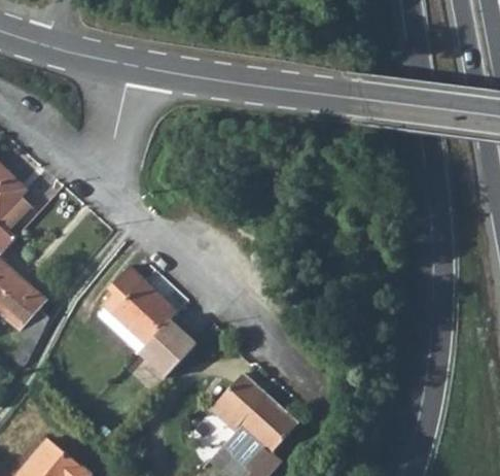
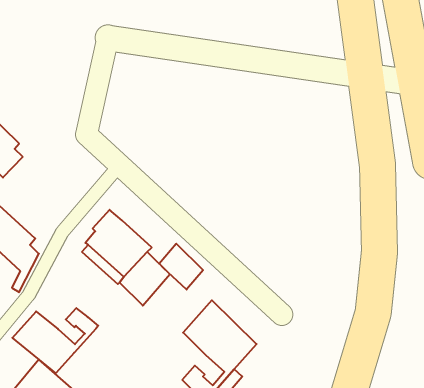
building: none -> [159,244,203,290]
building: none -> [12,308,98,373]

